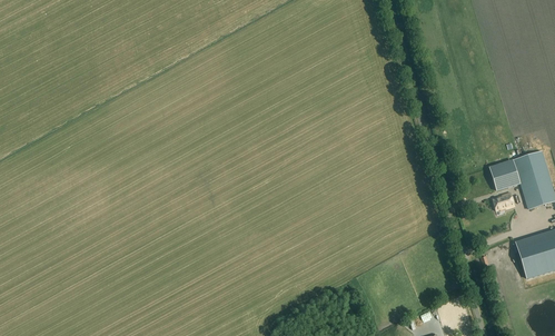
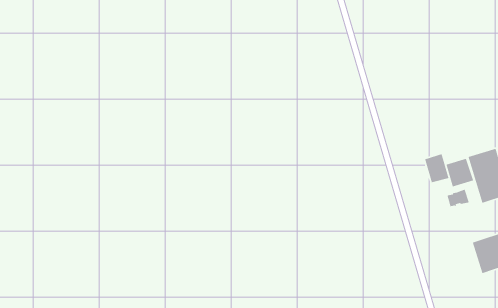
building: none -> [424,153,450,183]

